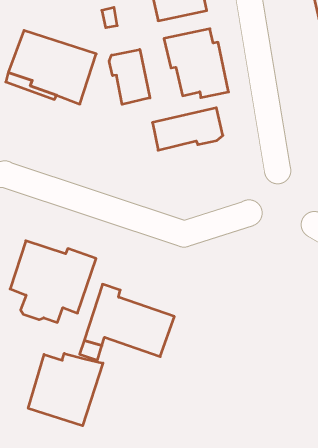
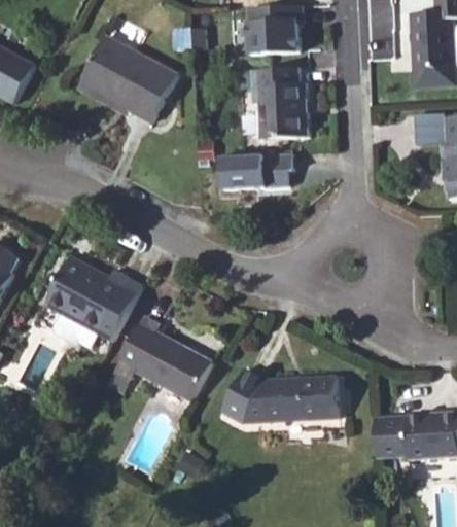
building: [109,49,150,104] -> none
building: none -> [222,372,338,423]
building: [28,353,103,426] -> none

